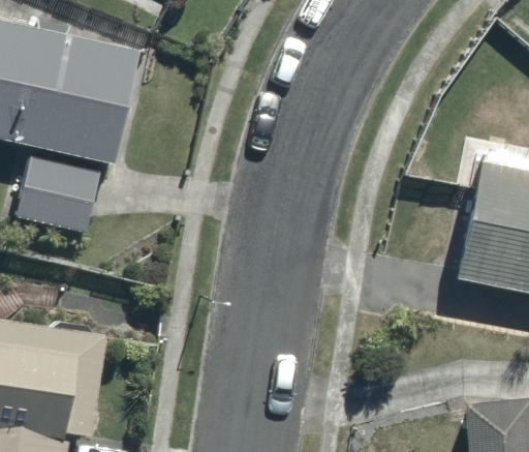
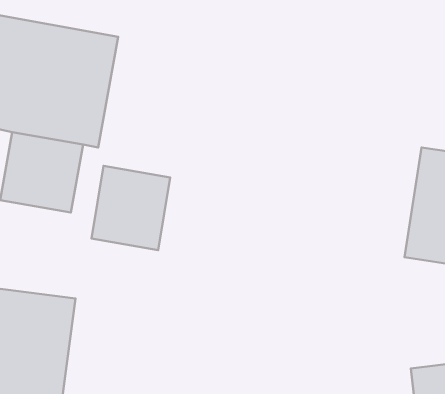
building: none -> [91,166,170,250]

